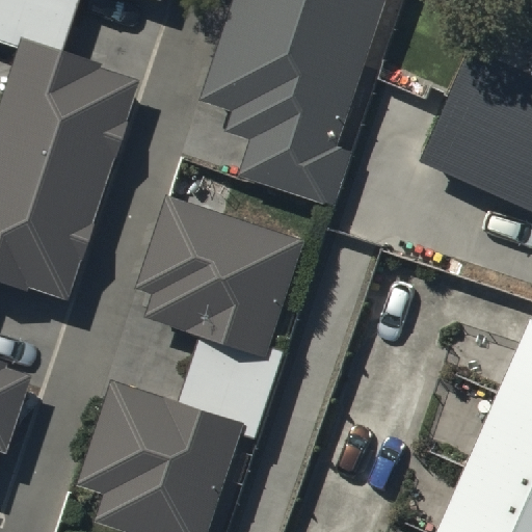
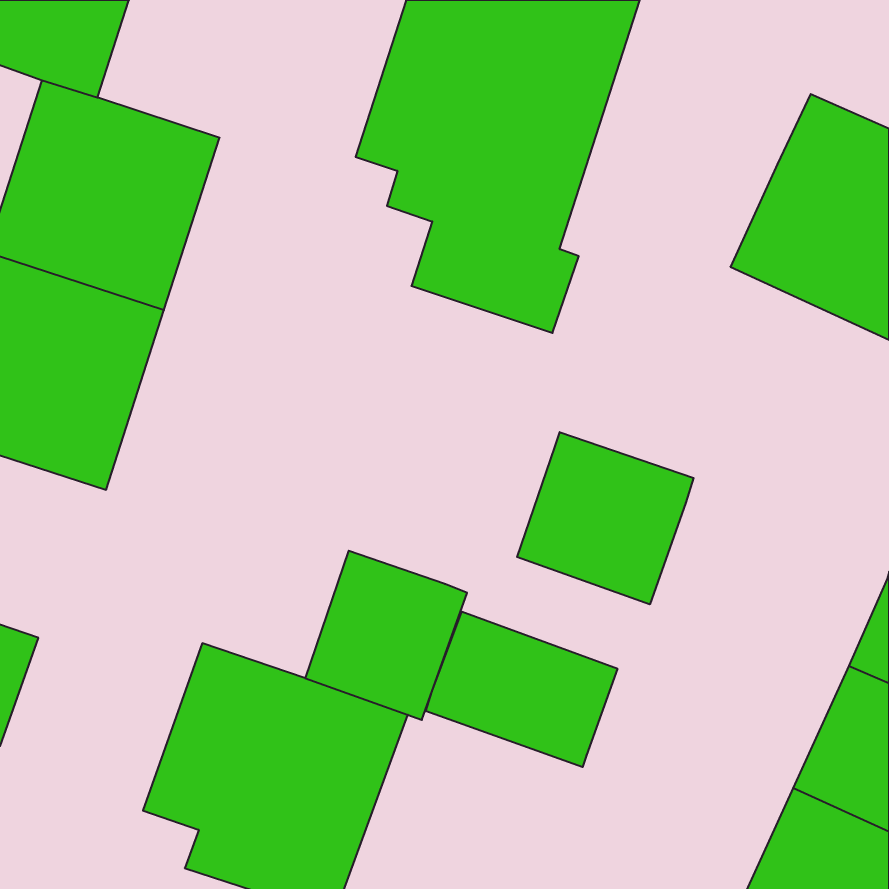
building: [144,198,302,349] -> none
building: none -> [517,432,694,604]
building: none -> [426,612,617,767]

